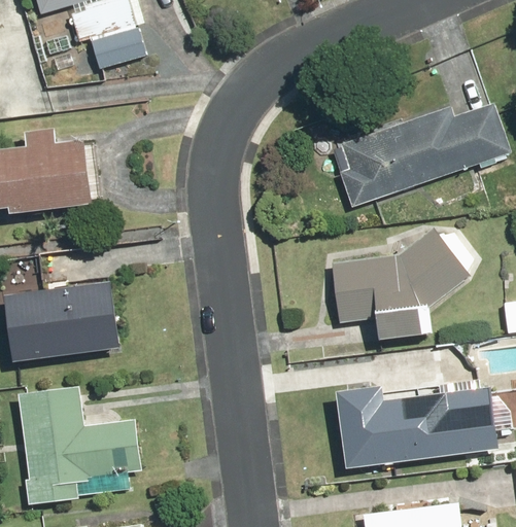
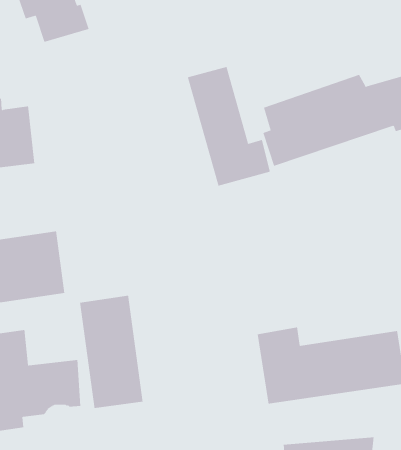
building: none -> [187,66,271,186]
building: [331,226,470,338] -> none
building: none -> [80,295,143,409]

